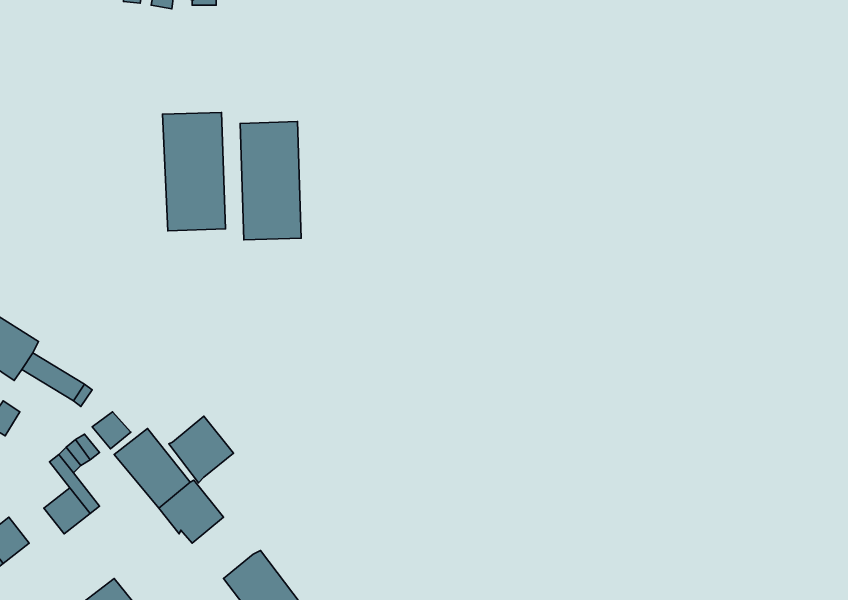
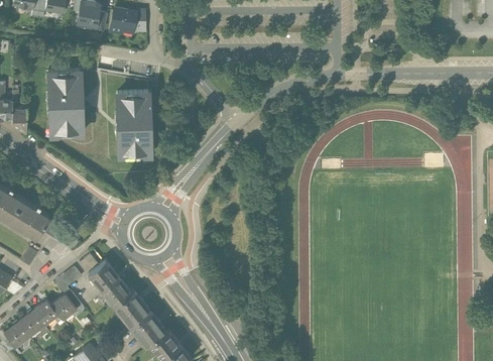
building: [240,122,301,240] -> [48,69,82,133]
building: [169,416,234,483] -> [130,311,165,347]
building: none -> [32,299,64,325]

